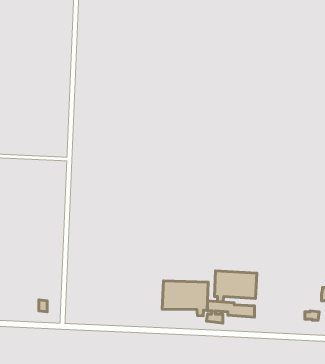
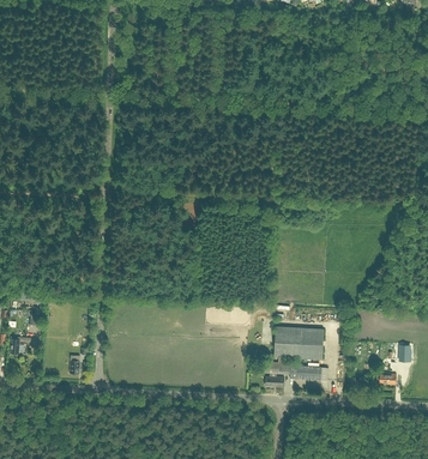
building: [162,281,208,316] -> none

